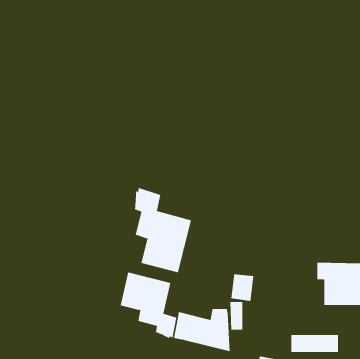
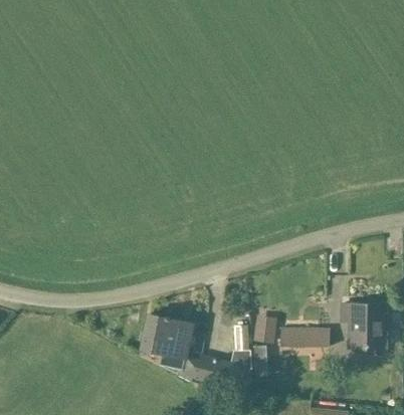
building: [134,187,191,273] -> none
building: [291,335,339,352] -> [280,329,330,347]

